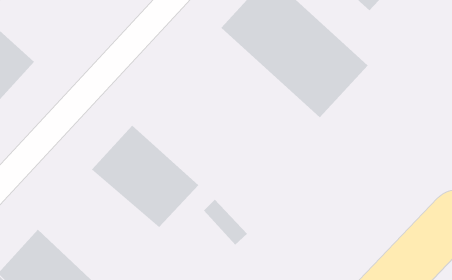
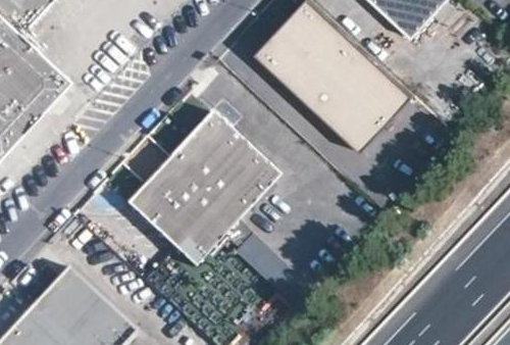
building: none -> [165,110,276,220]

